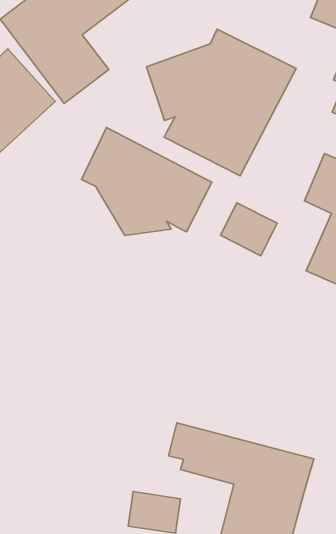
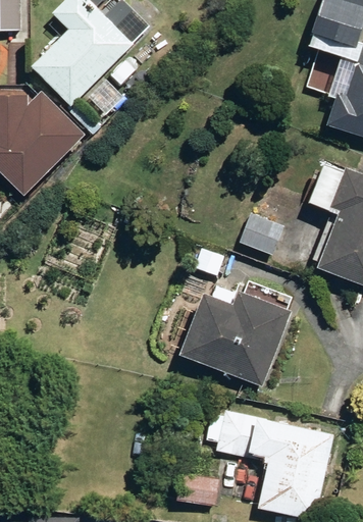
building: [146,29,296,176] -> none
building: [81,128,212,235] -> none
building: none -> [176,291,289,385]

